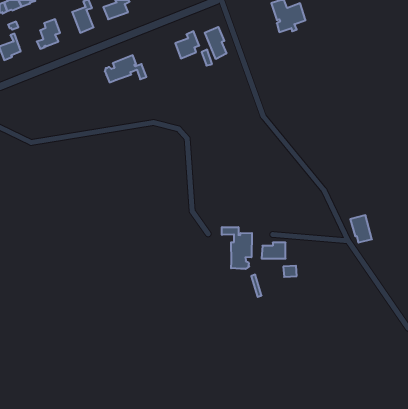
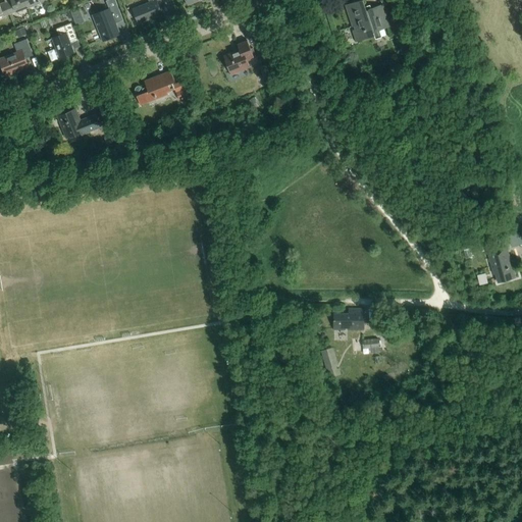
building: [205,27,226,59] -> none
building: none -> [57,108,105,138]
building: [350,215,372,243] -> [487,248,515,282]
building: [222,227,252,269] -> none

